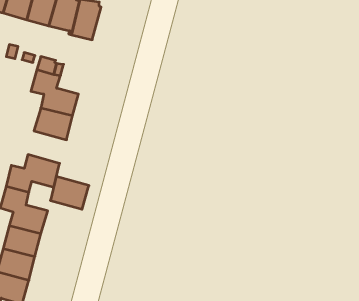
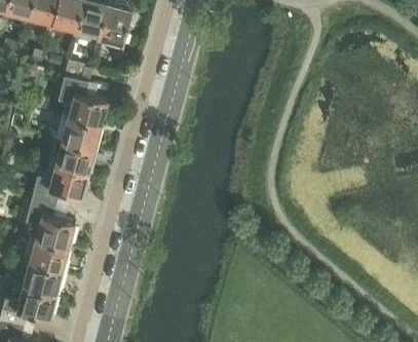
building: [50,177,89,209] -> [54,142,94,176]

